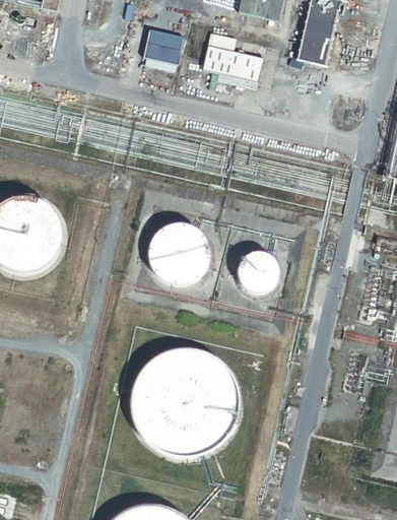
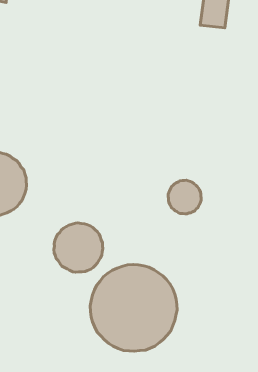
building: [144,28,186,69] -> none
building: [203,32,265,82] -> none
building: [149,221,210,282] -> [54,223,103,272]

